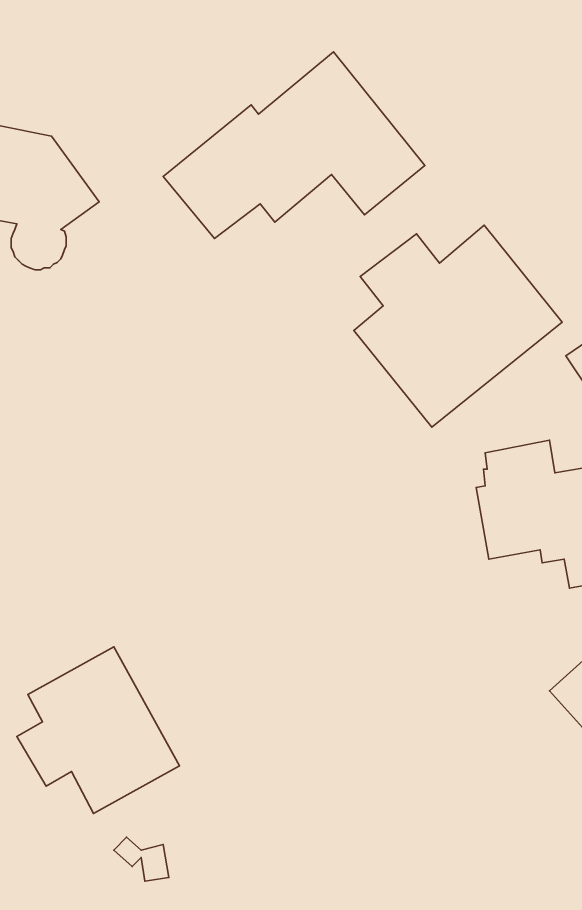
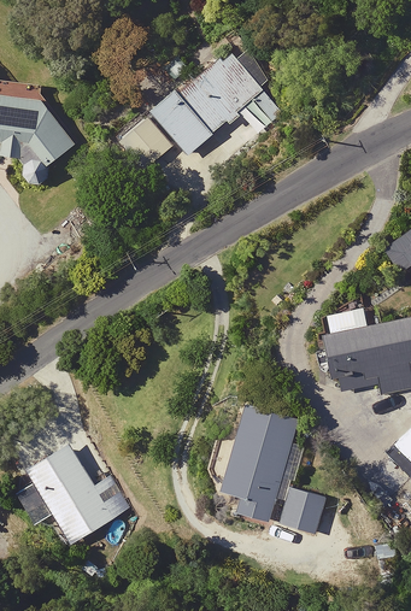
building: [354,225,562,427] -> none
building: none -> [204,403,328,536]

